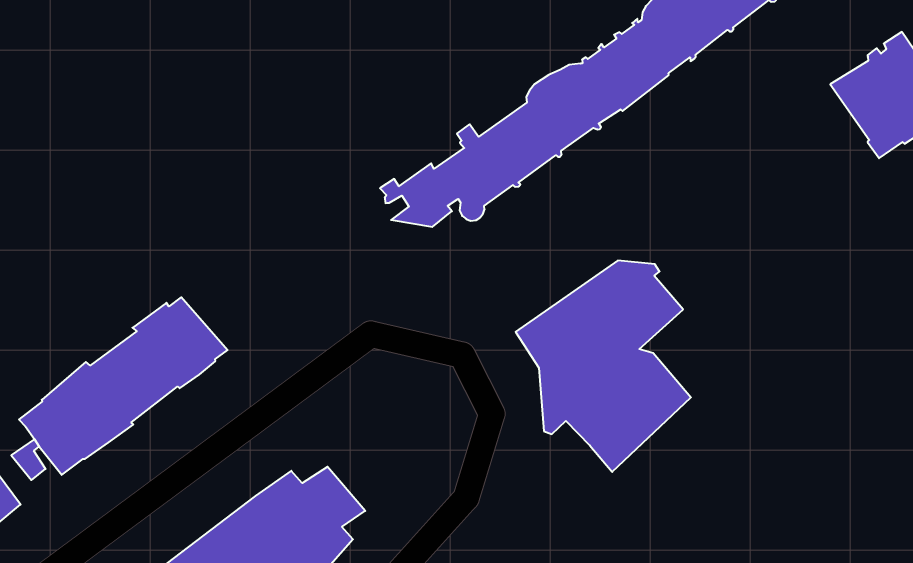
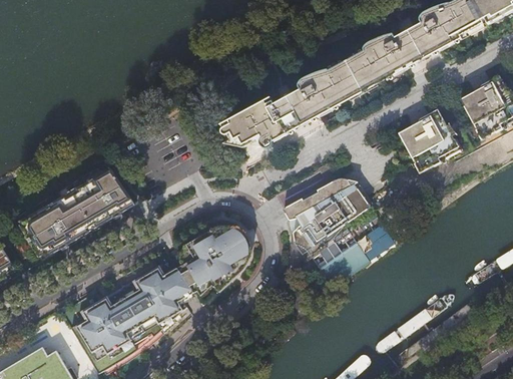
building: none -> [397,106,461,171]
building: none -> [175,225,247,291]

